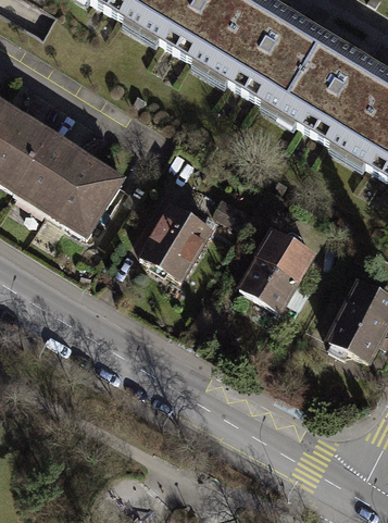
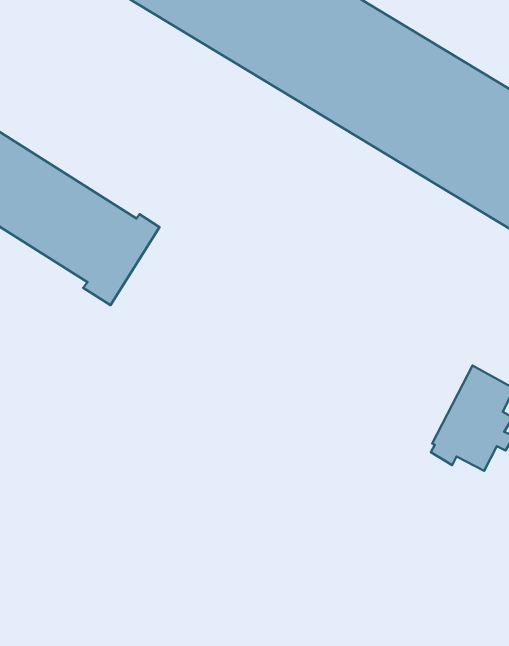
building: [143,202,215,277] -> none
building: [238,228,312,309] -> none

